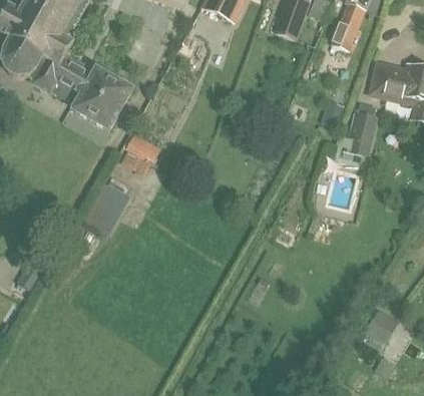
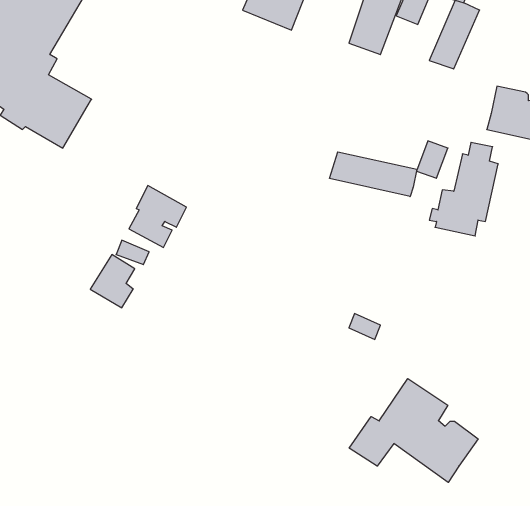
building: [73,68,130,127] -> none
building: none -> [330,152,417,197]
building: none -> [349,379,478,482]
building: [365,308,397,341] -> none

